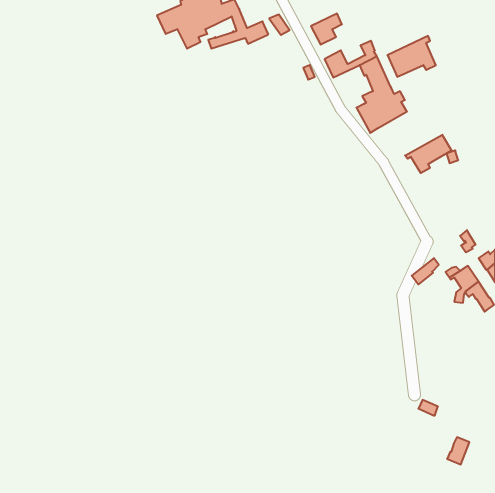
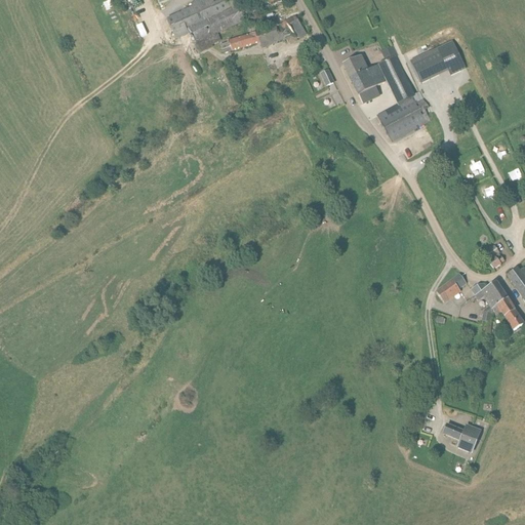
building: [311,14,342,45] -> [353,69,386,102]
building: [405,135,451,173] -> none
building: [447,437,469,465] -> [456,423,480,452]

